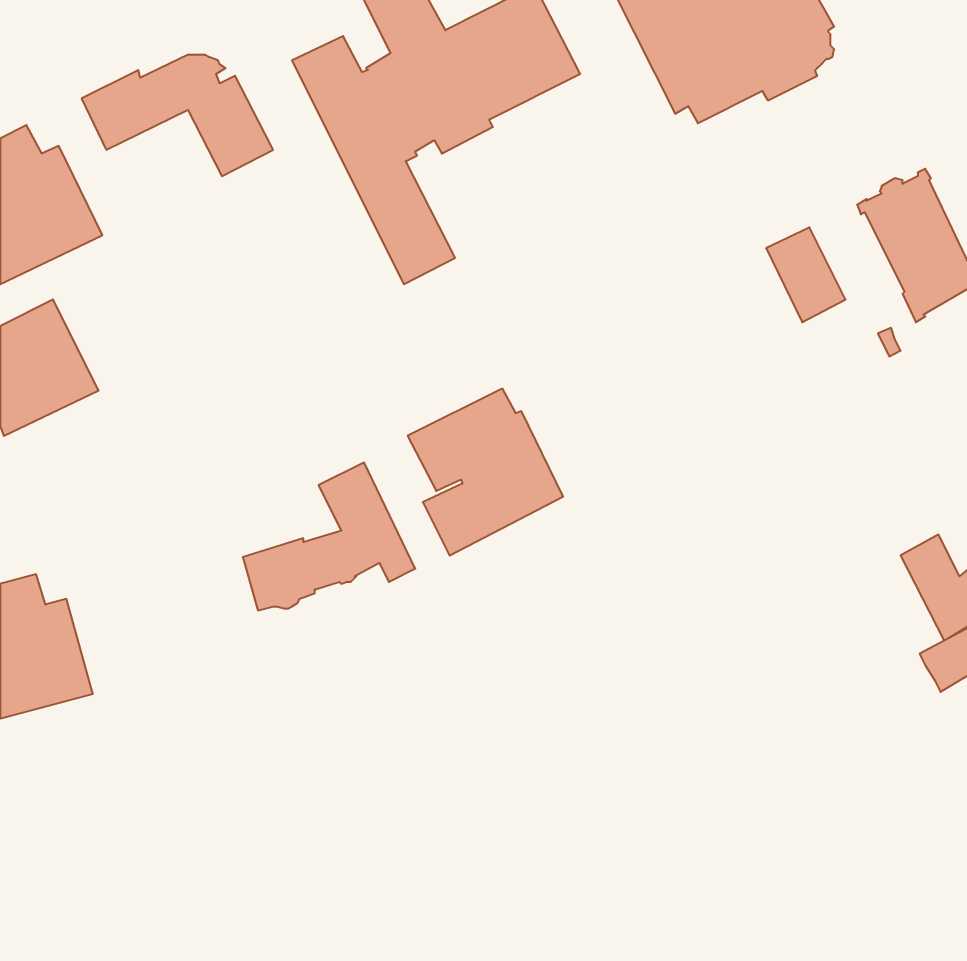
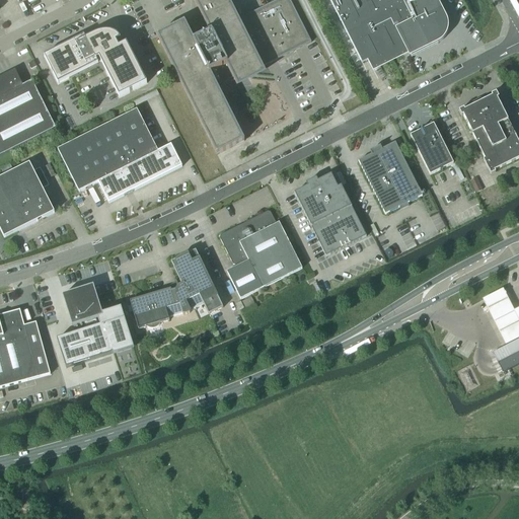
building: none -> [57,106,180,200]
building: none -> [359,140,422,212]
building: none -> [295,172,367,253]
building: none -> [58,284,135,365]

